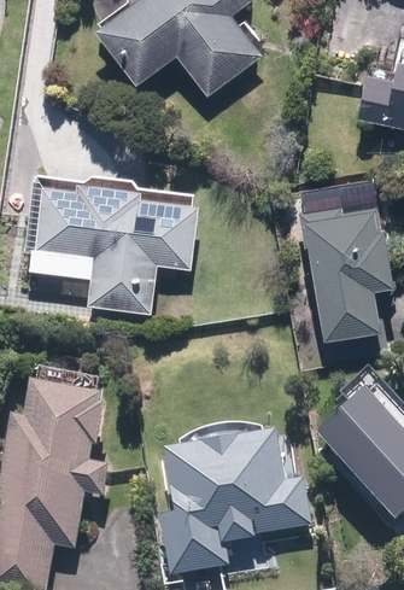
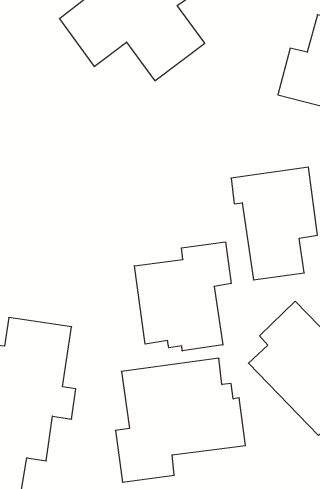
building: [29,167,204,314] -> none
building: none -> [134,242,231,351]

